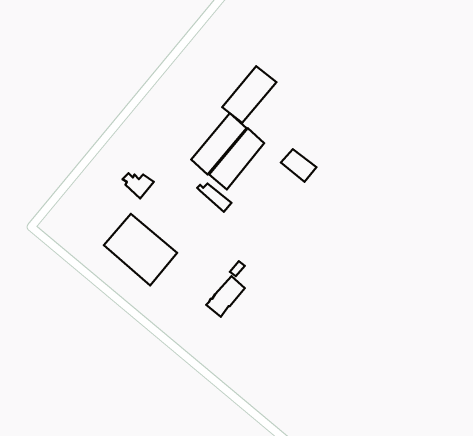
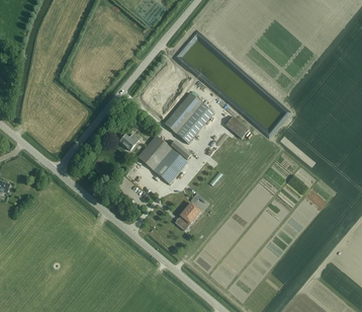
building: [222,66,276,123] -> none
building: [104,214,177,286] -> [138,135,187,183]

